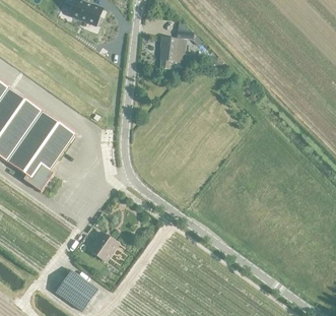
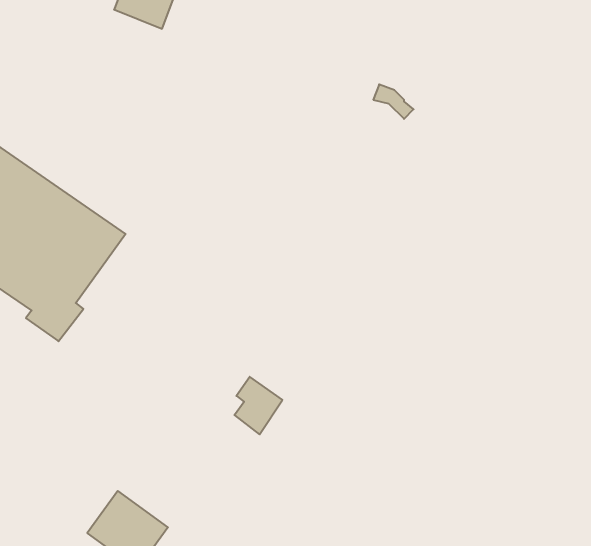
building: [158,37,185,68] -> none
building: [91,231,117,261] -> [234,377,282,434]

